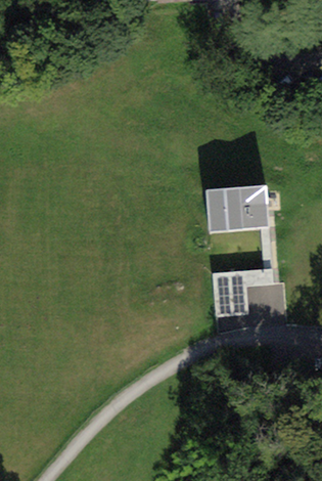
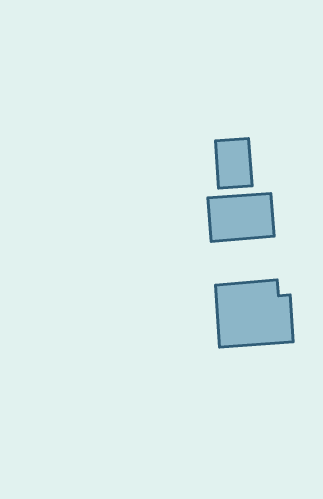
building: none -> [216,139,252,188]

